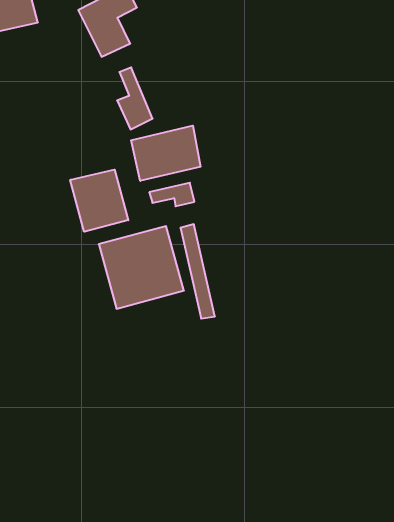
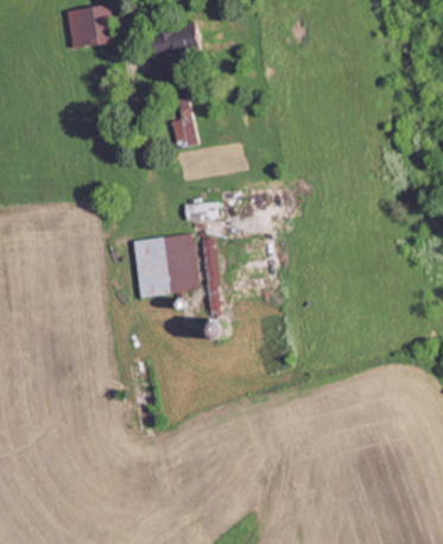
building: [131,126,201,181] -> none
building: [70,170,128,232] -> none

